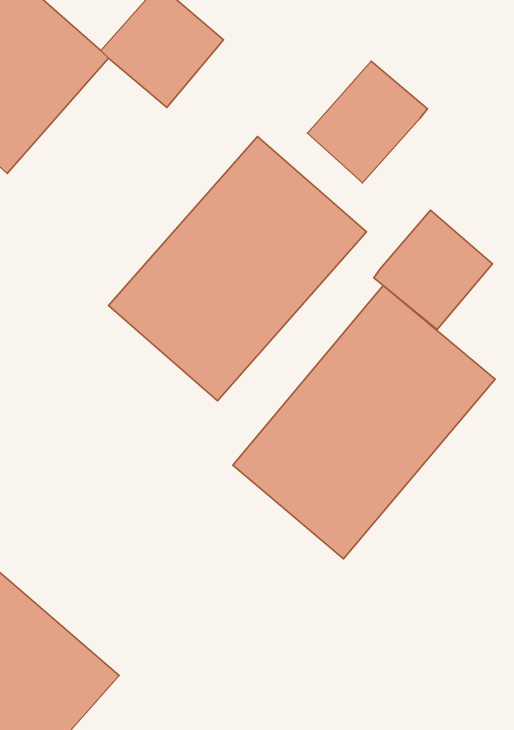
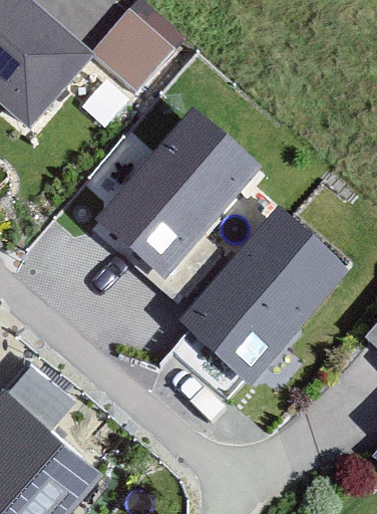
building: [308,61,427,183] -> none
building: [374,210,493,330] -> none

